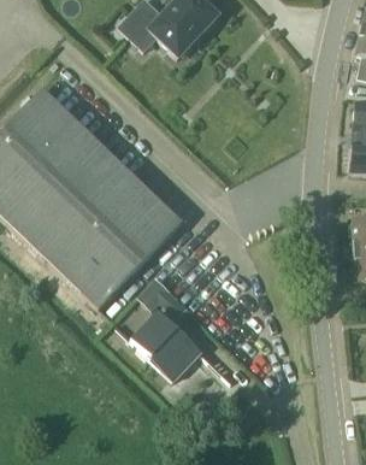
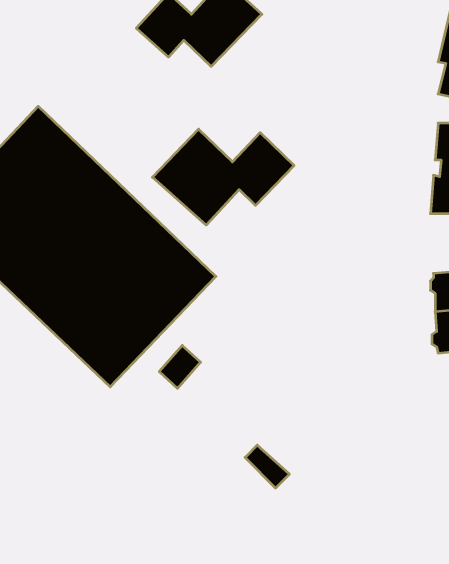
building: none -> [152,129,294,225]
building: [129,310,199,379] -> none

